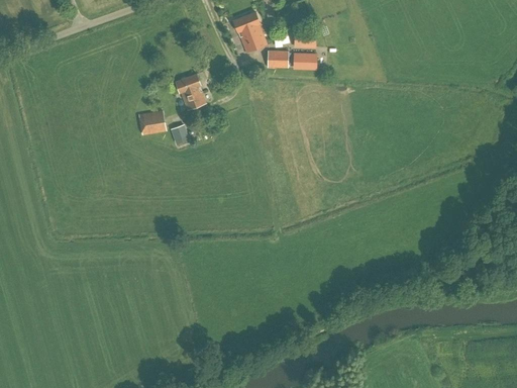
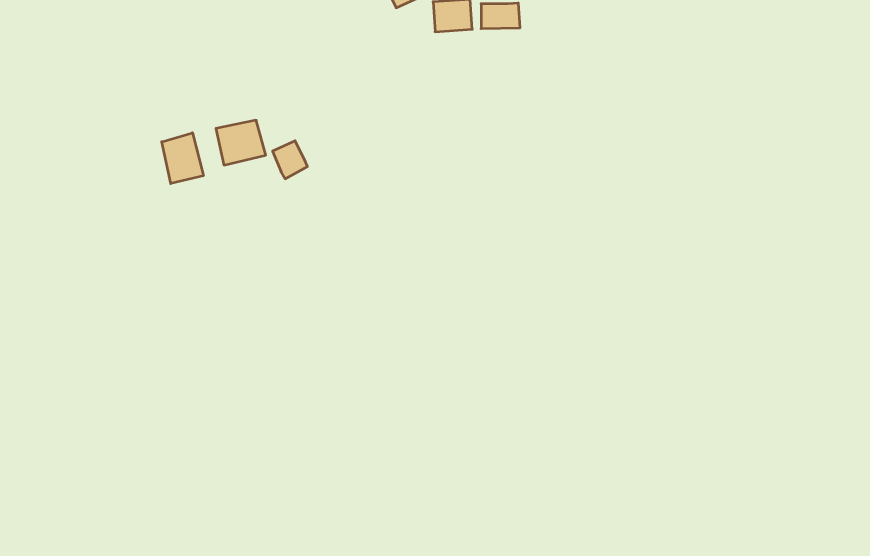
building: [176,74,207,111] -> none
building: none -> [162,133,203,184]

